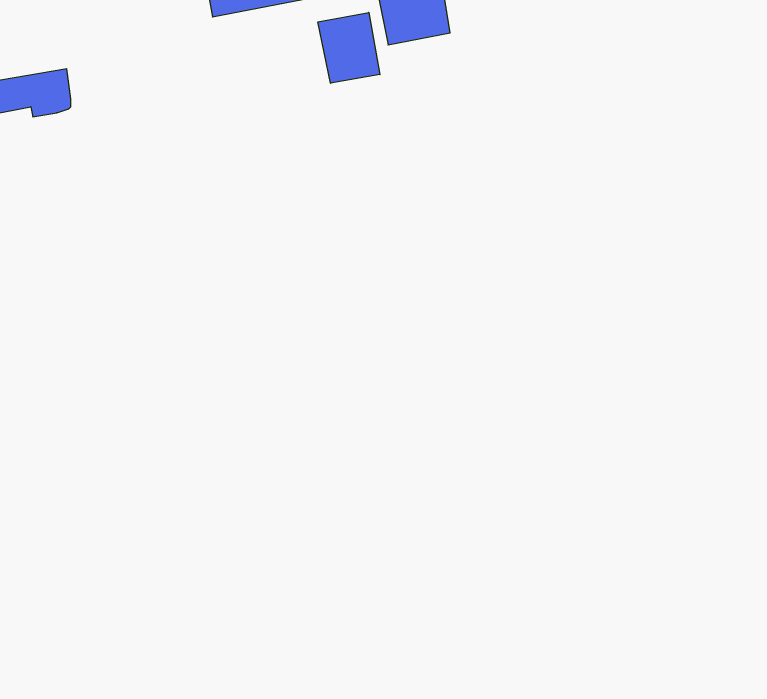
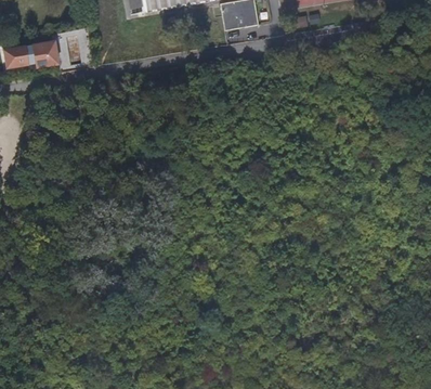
building: [318,12,380,83] -> none

